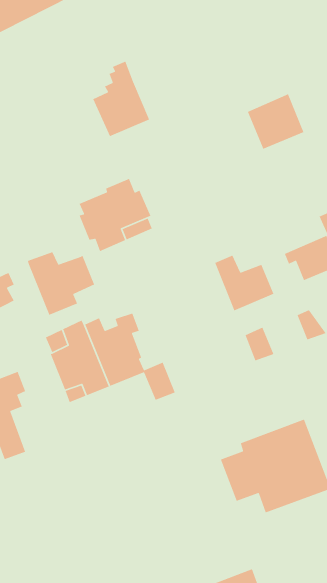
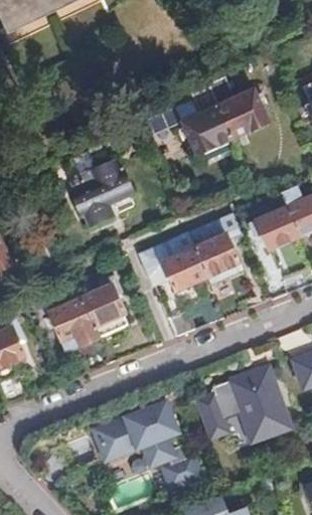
building: [92,61,150,137] -> [182,82,232,149]
building: [27,251,95,316] -> none
building: none -> [143,231,207,288]
building: none -> [92,404,197,488]

